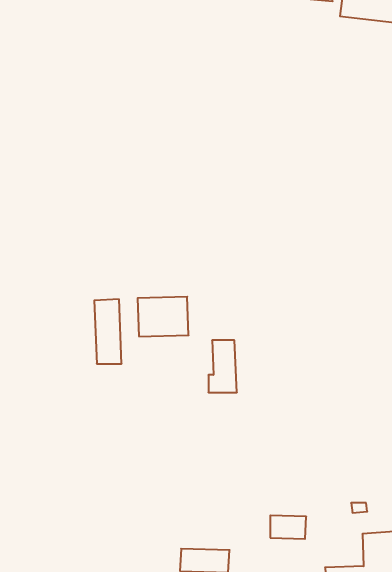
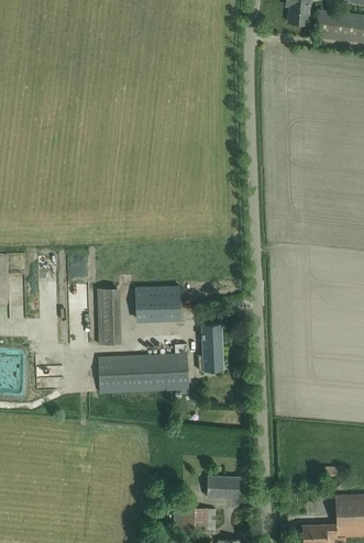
building: none -> [98,344,188,394]
building: [270,515,306,539] -> [207,477,239,498]

